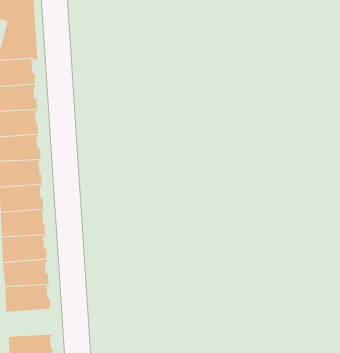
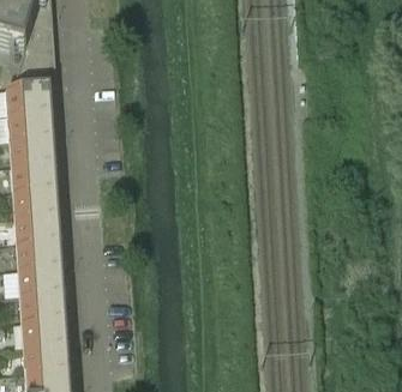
building: none -> [20,340,70,369]

